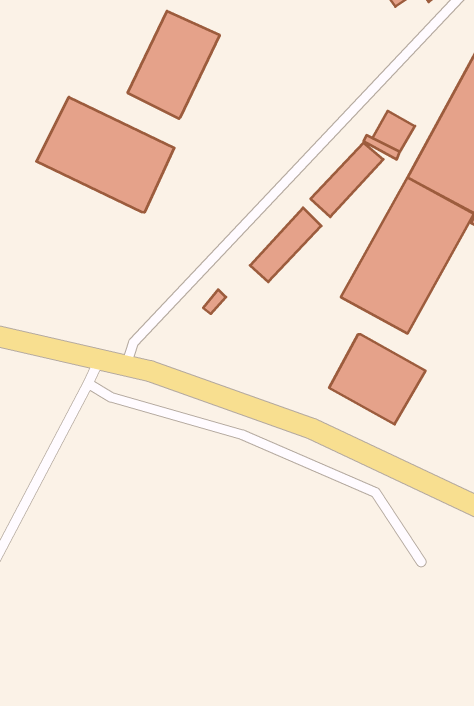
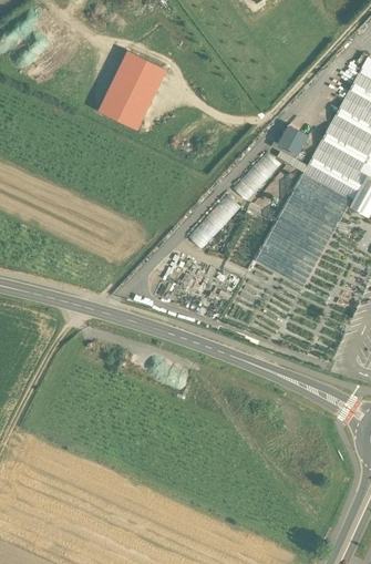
building: [36,97,174,212] -> none
building: [329,334,425,424] -> none

